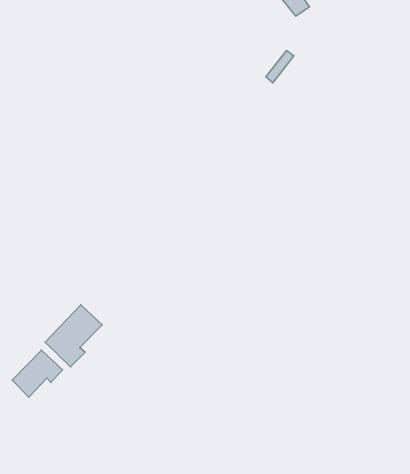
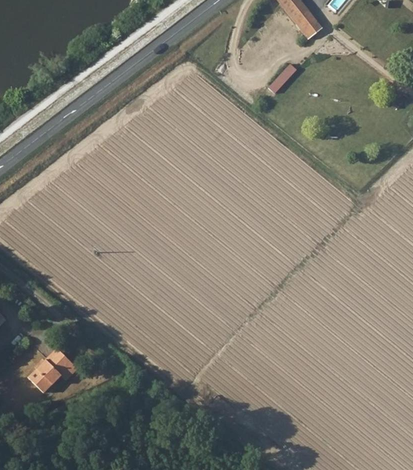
building: [45,305,102,367] -> none

